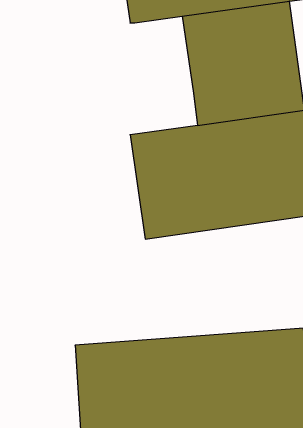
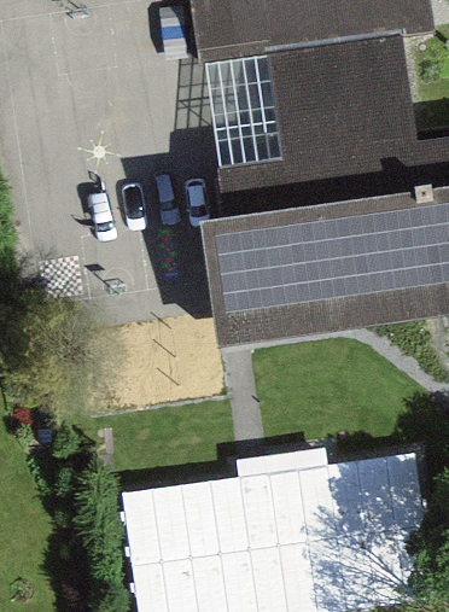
building: none -> [203,48,278,156]

